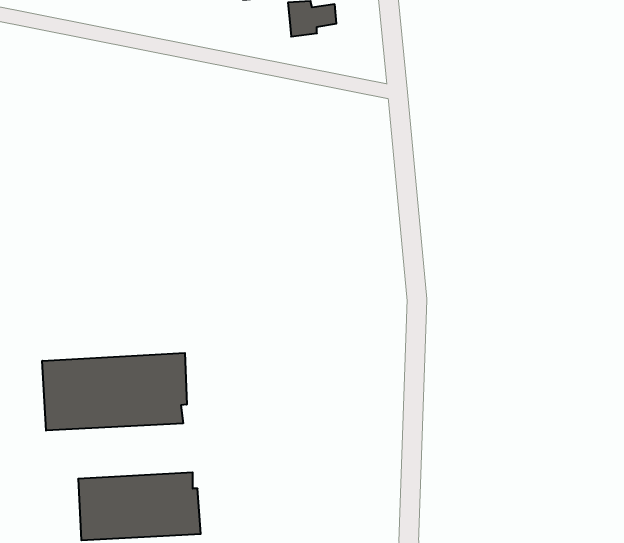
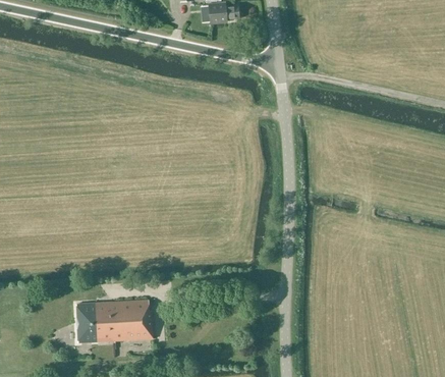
building: [42,353,187,431] -> none

